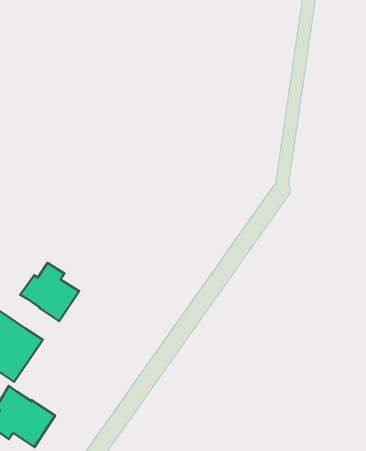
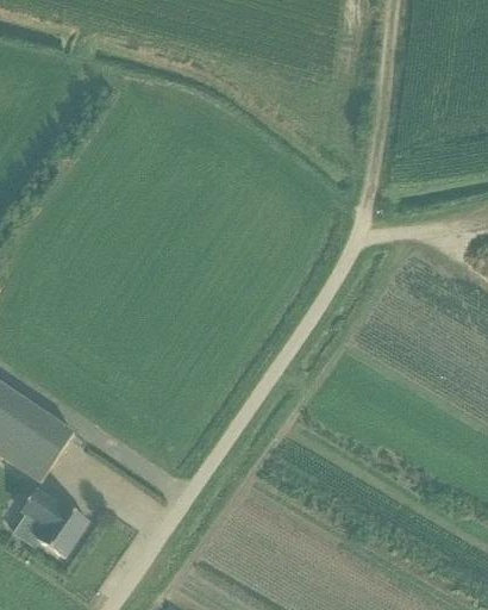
building: [20,263,79,321] -> none

